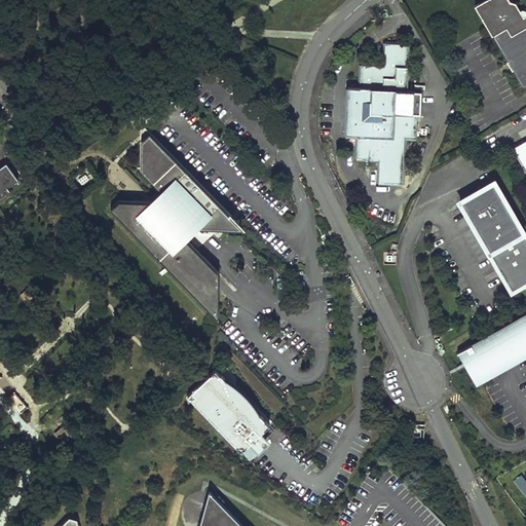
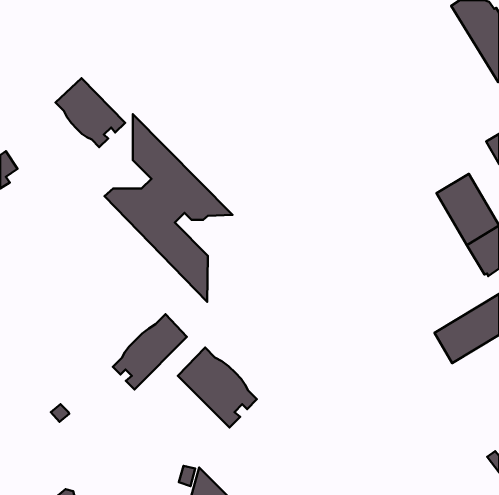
building: [345,46,421,188] -> none
building: none -> [56,78,125,147]
building: none -> [113,314,187,389]

